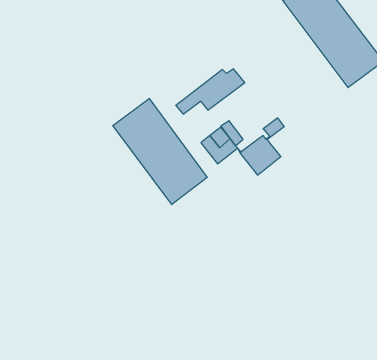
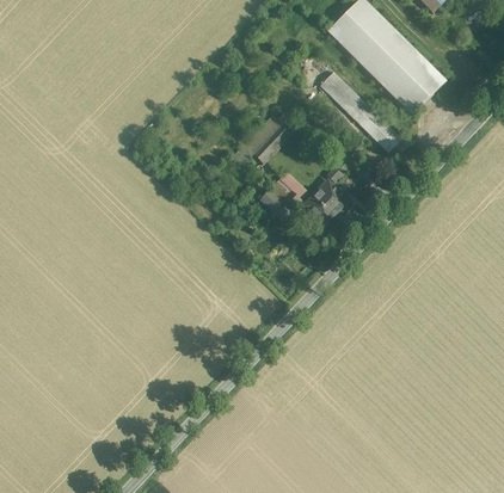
building: none -> [320,70,401,152]
building: [113,98,207,205] -> none

